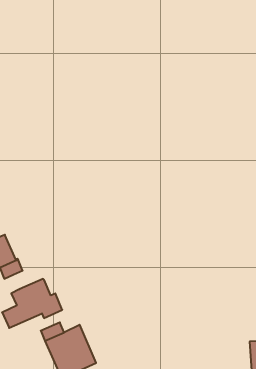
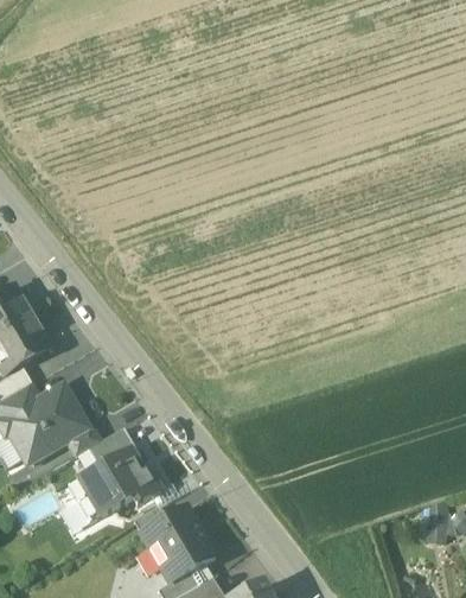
building: none -> [89,427,138,467]

